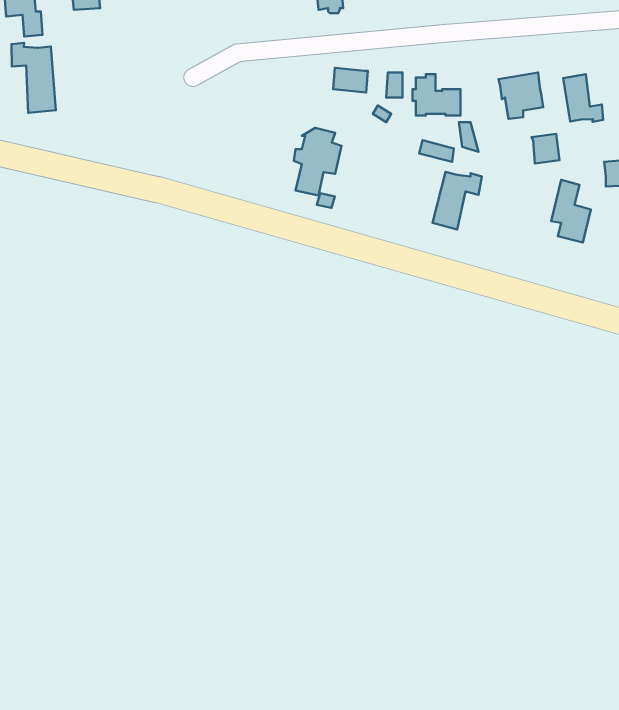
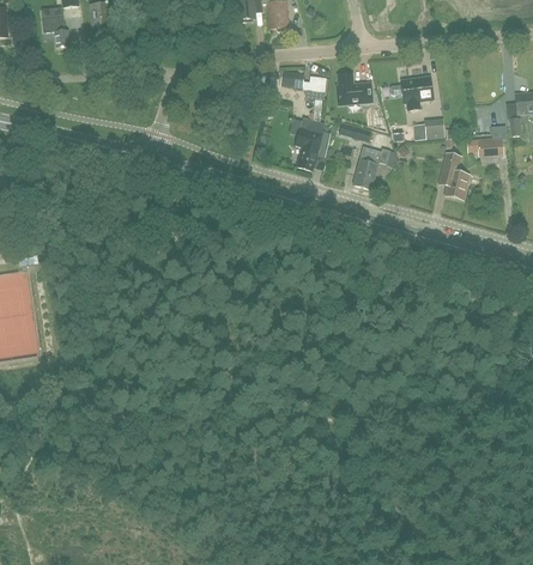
building: [11,43,56,113] -> none
building: [563,74,603,122] -> none
building: [294,128,342,195] -> [295,117,329,166]

